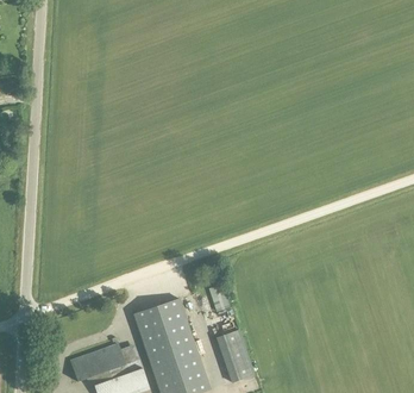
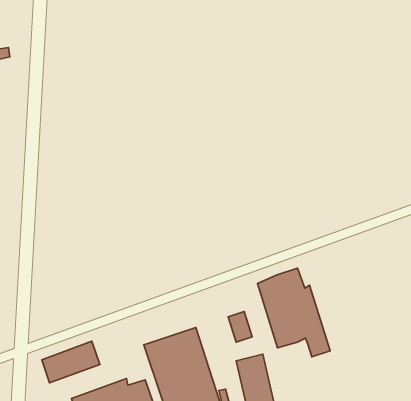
building: none -> [258,268,330,357]
building: none -> [42,341,100,383]

